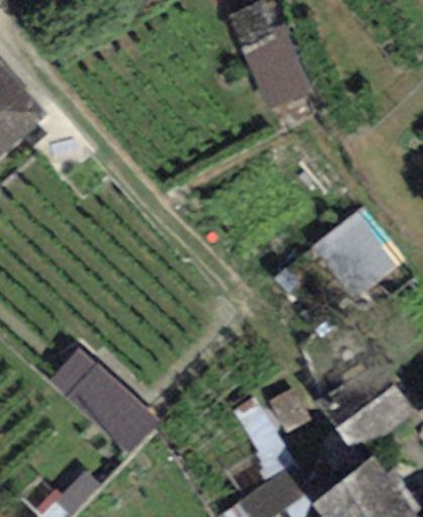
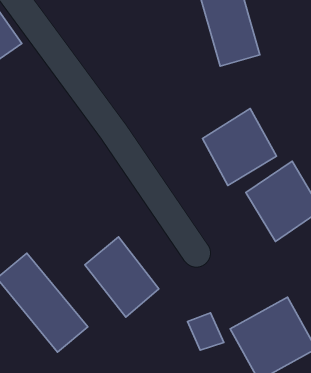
building: none -> [202,109,276,186]
building: none -> [85,237,159,317]

